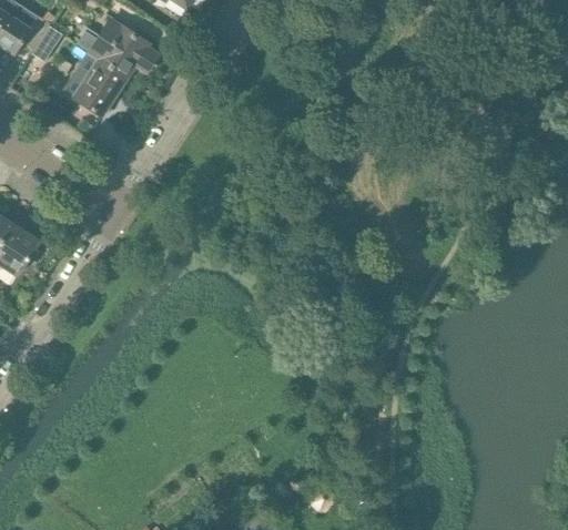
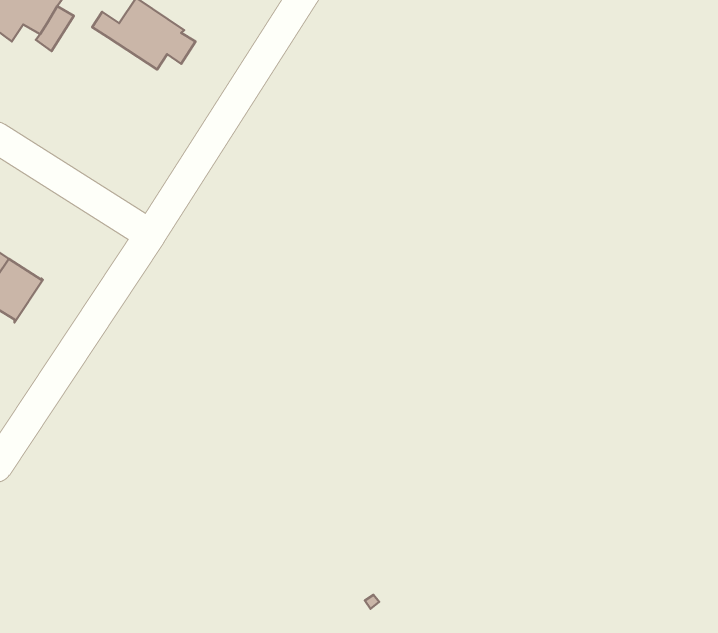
building: [73,50,126,113] -> none

